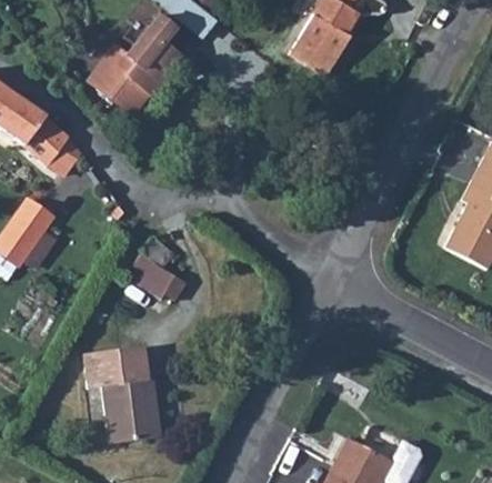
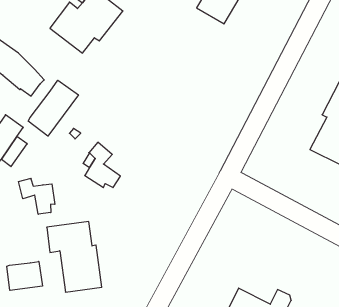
building: none -> [28,80,78,136]
building: none -> [18,178,55,214]
building: none -> [7,261,42,290]

